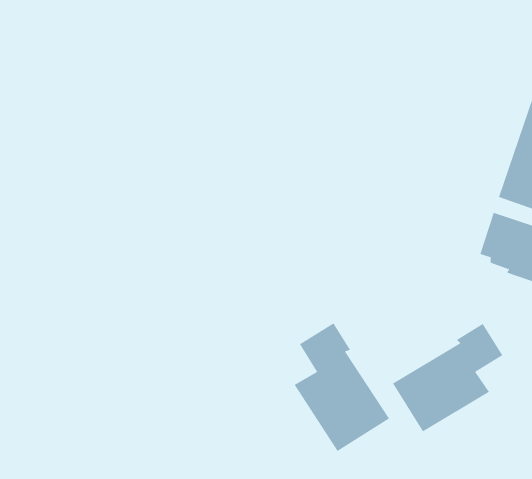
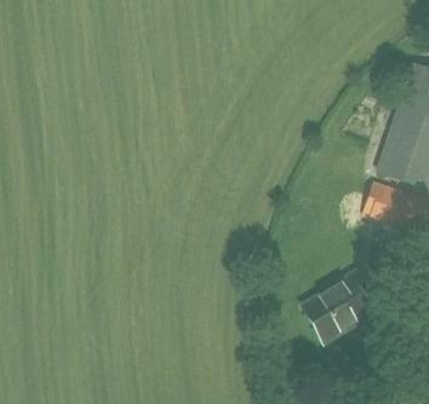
building: [294,322,390,452] -> none

